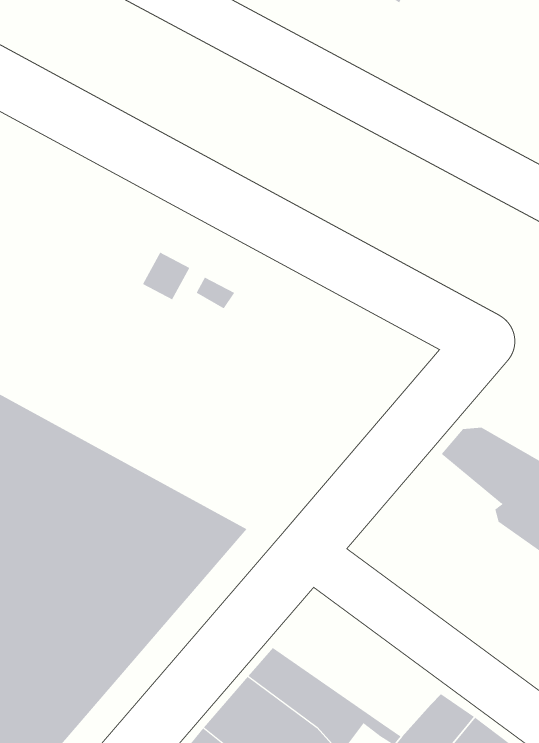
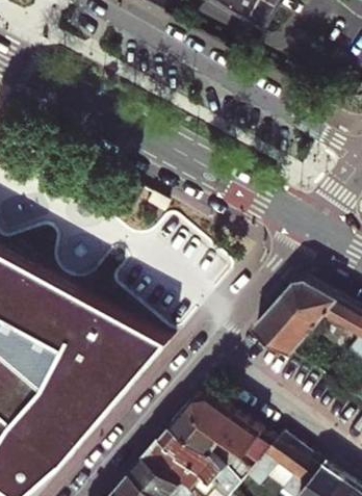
building: none -> [252,297,315,356]
building: none -> [182,397,261,454]

